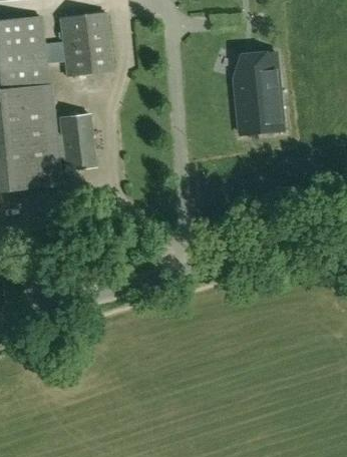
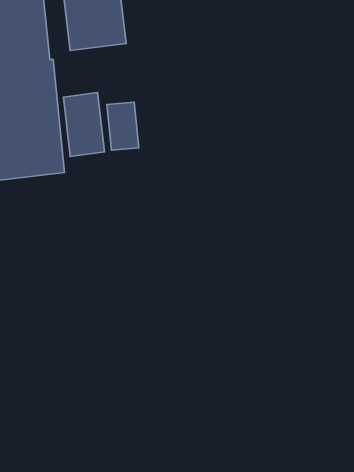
building: [237,52,283,134] -> none
building: none -> [107,102,139,150]

